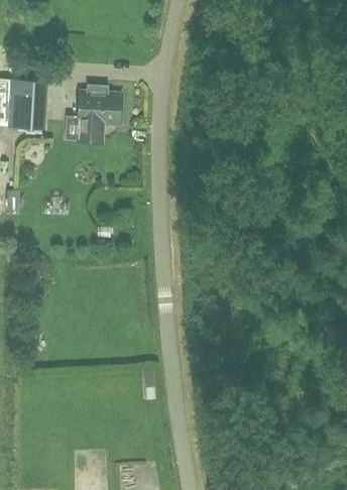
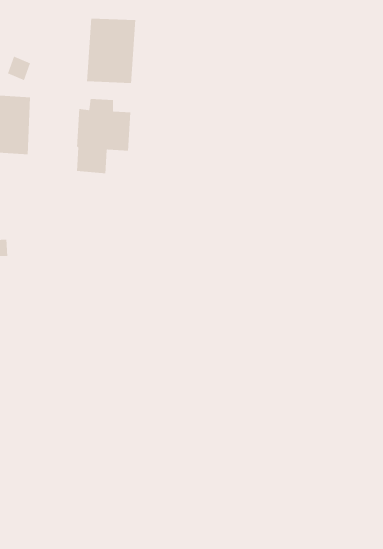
building: none -> [87,18,136,84]

